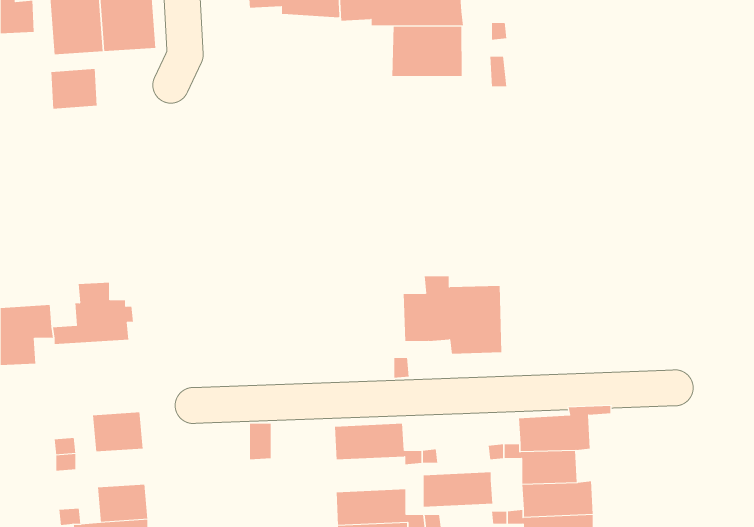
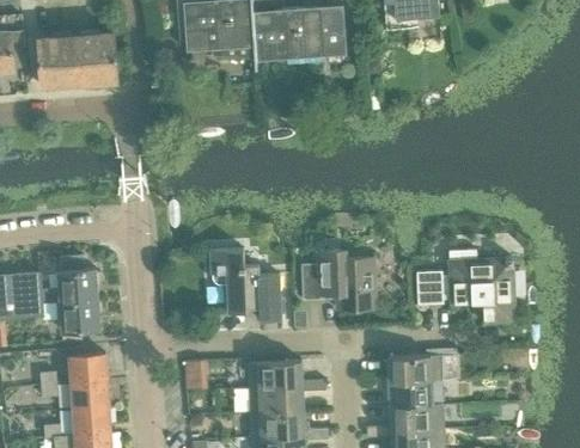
building: [392,26,462,77] -> none
building: [51,68,97,109] -> none
building: none -> [210,248,281,321]
building: none -> [416,250,514,323]
building: none -> [26,297,103,331]
building: none -> [72,380,109,409]
building: [423,472,493,507] -> [251,386,304,412]

